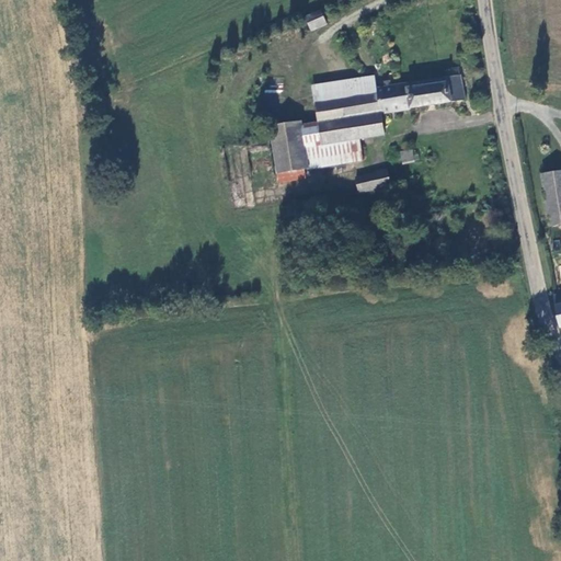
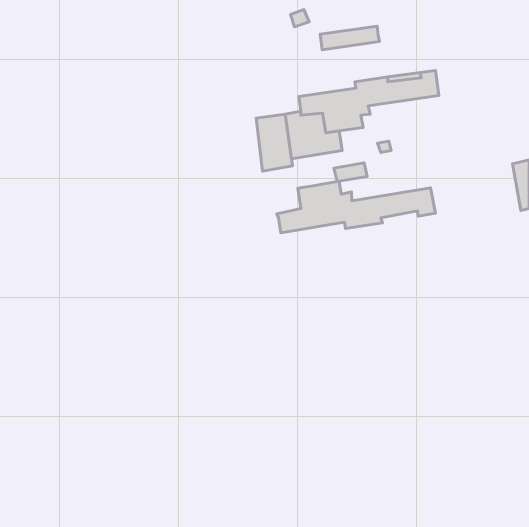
building: [313,77,376,102] -> [320,26,379,50]
building: none -> [277,181,435,233]

